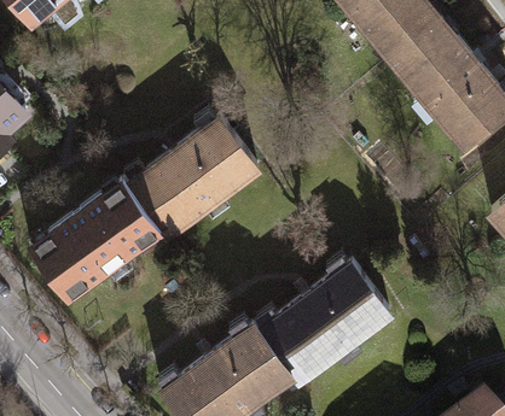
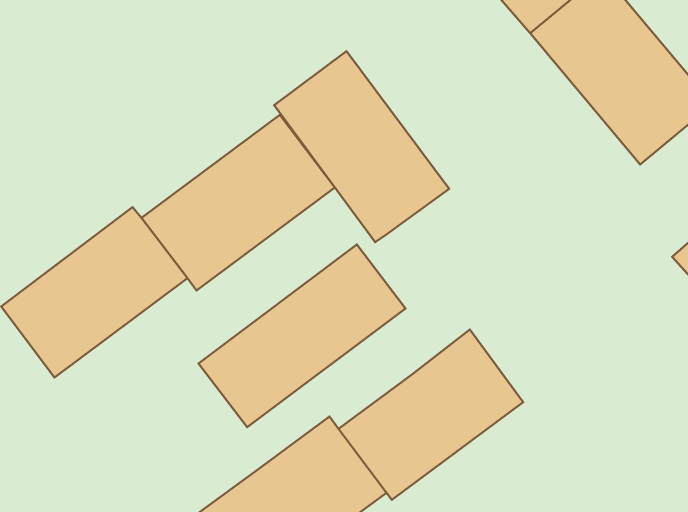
building: none -> [274,51,449,242]
building: none -> [198,245,406,427]

